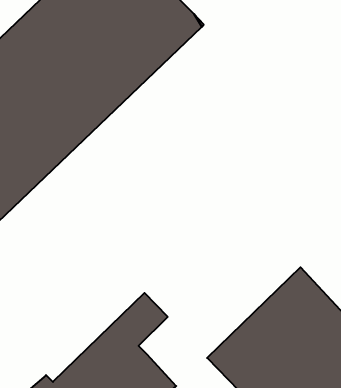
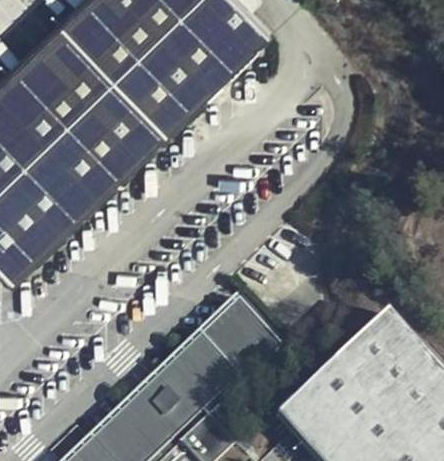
building: none -> [88,304,277,450]

